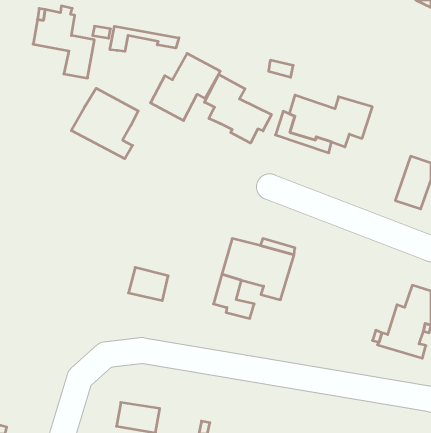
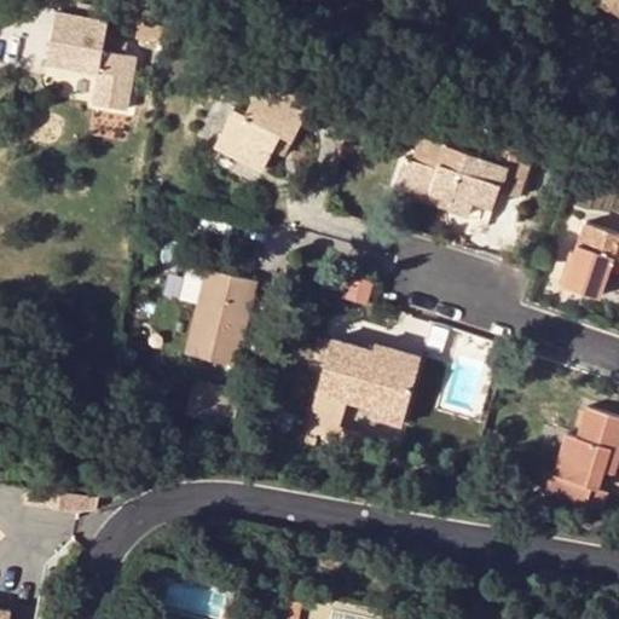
building: [110,26,179,51] -> none
building: [204,75,271,143] -> none
building: [71,88,138,159] -> none
building: none -> [184,271,256,369]

